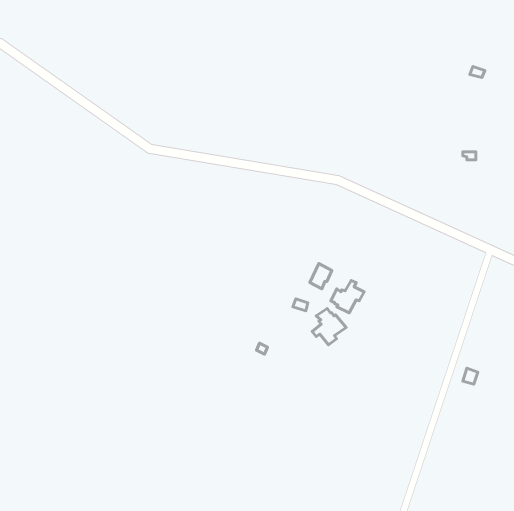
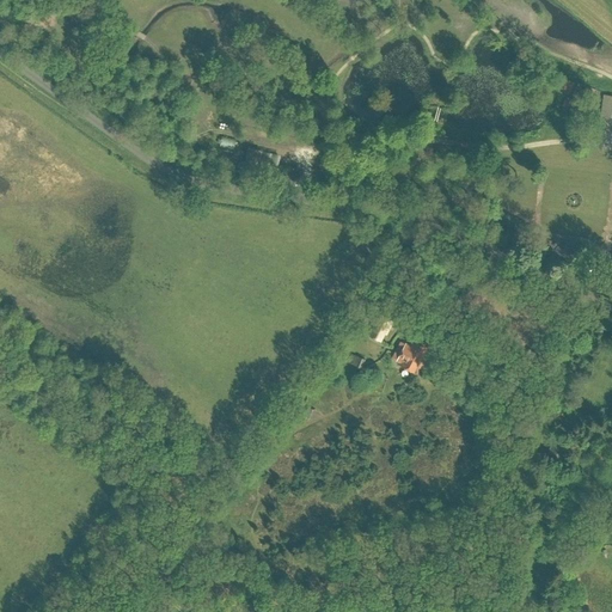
building: [312,309,346,345] -> none

